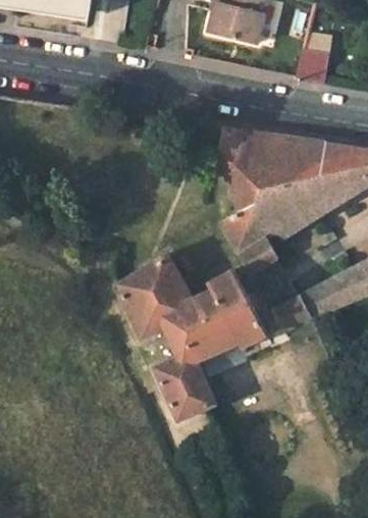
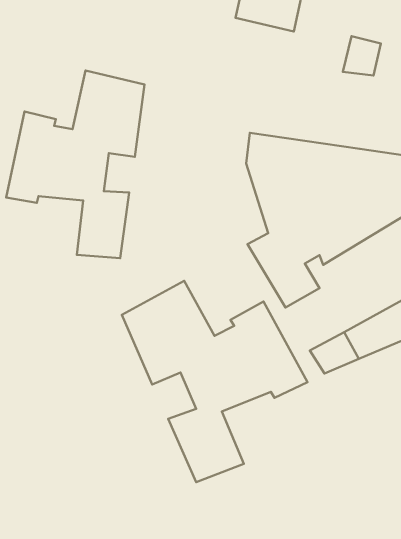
building: none -> [6,71,145,258]

